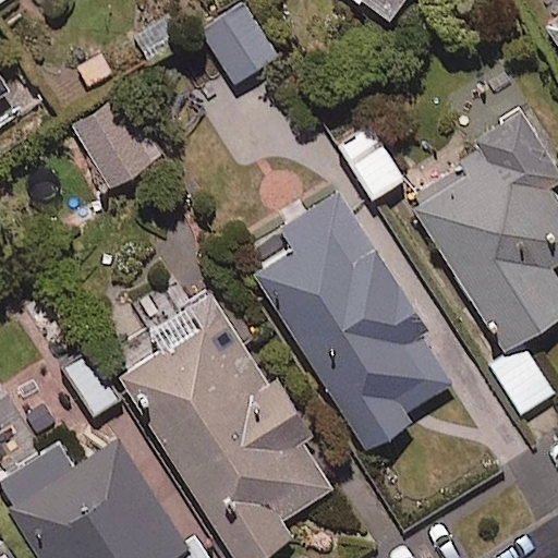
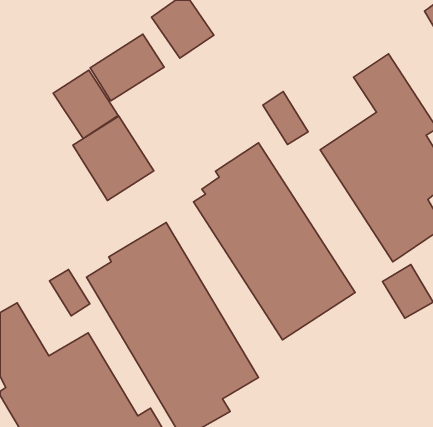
building: none -> [90,34,164,101]
building: none -> [73,116,154,201]

